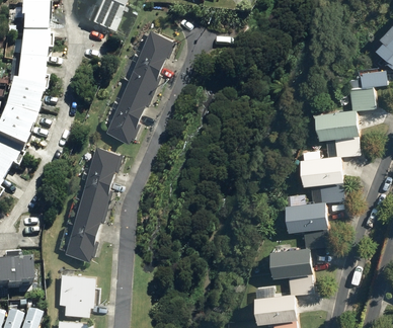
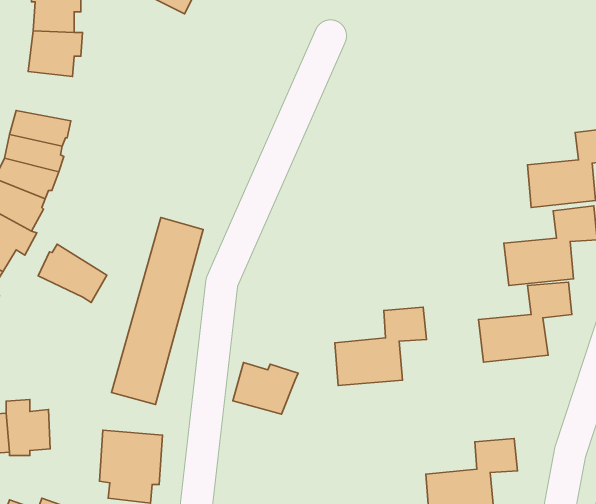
building: [108,27,176,139] -> none
building: [16,58,47,87] -> none
building: none -> [38,244,107,302]
building: [270,231,325,277] -> [335,307,426,385]
building: none -> [233,362,298,414]

